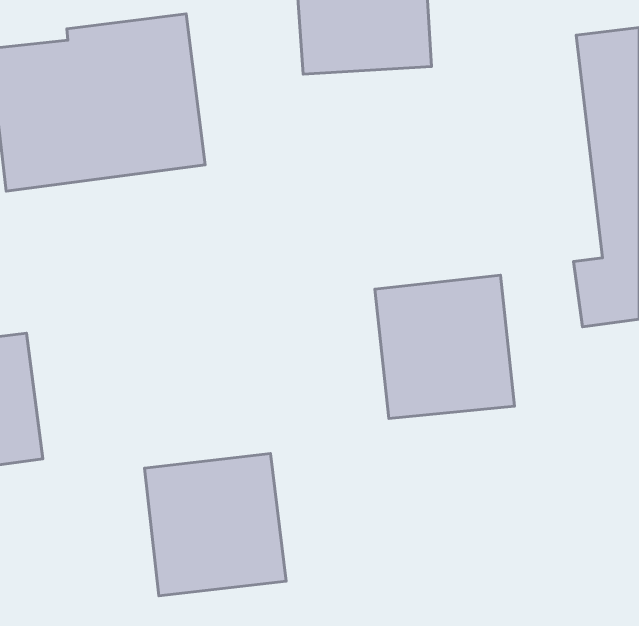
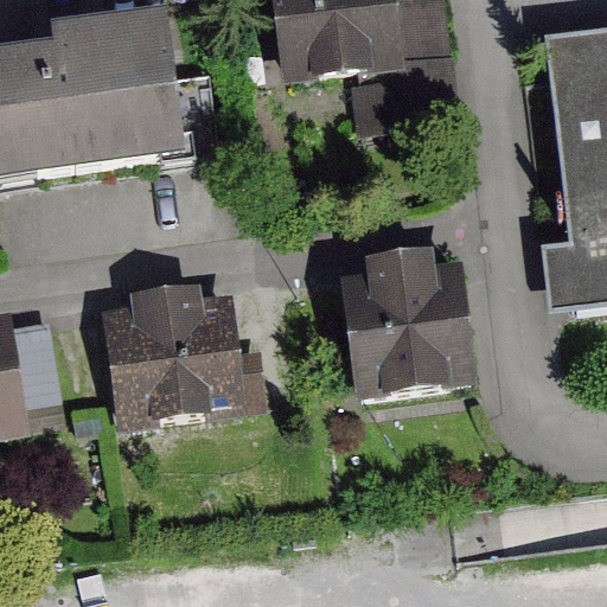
building: none -> [111,283,248,417]
building: [144,454,286,596] -> none

